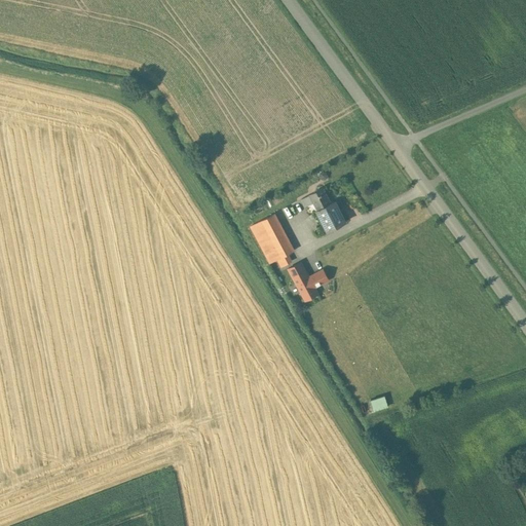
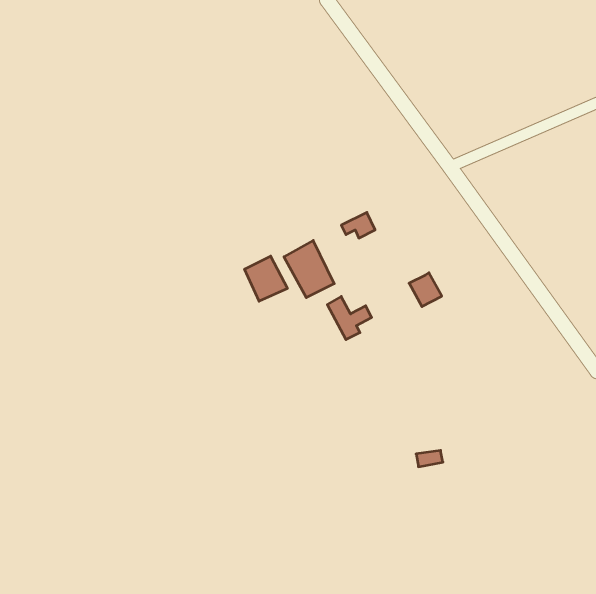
building: [316,202,345,232] -> [409,273,442,307]
building: none -> [245,256,287,301]

